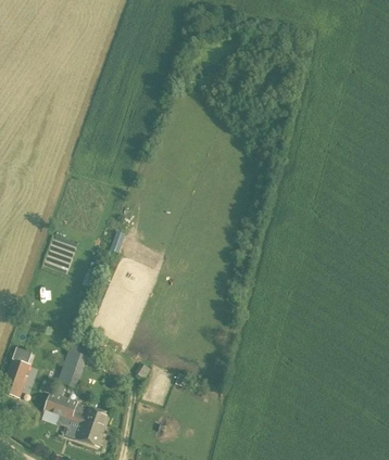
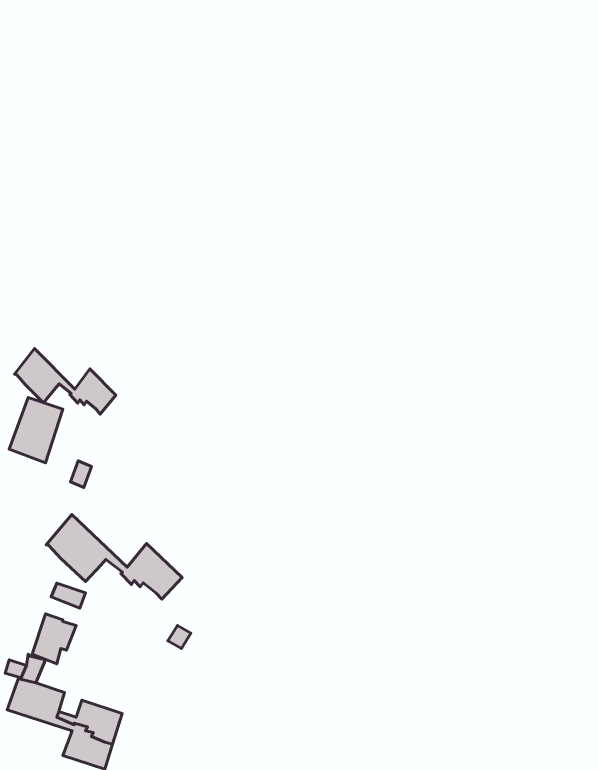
building: none -> [15,348,116,414]
building: none -> [46,515,182,599]

